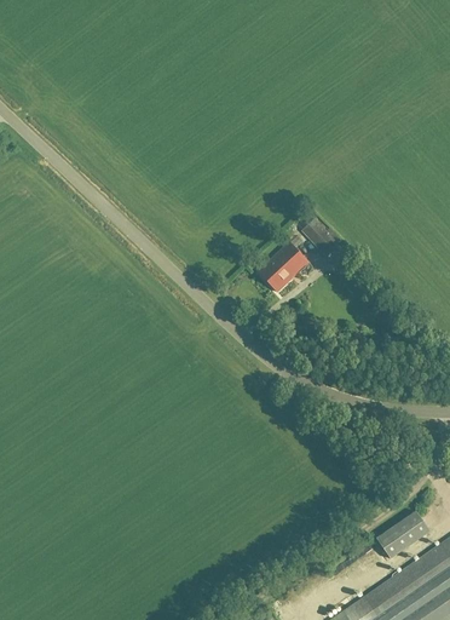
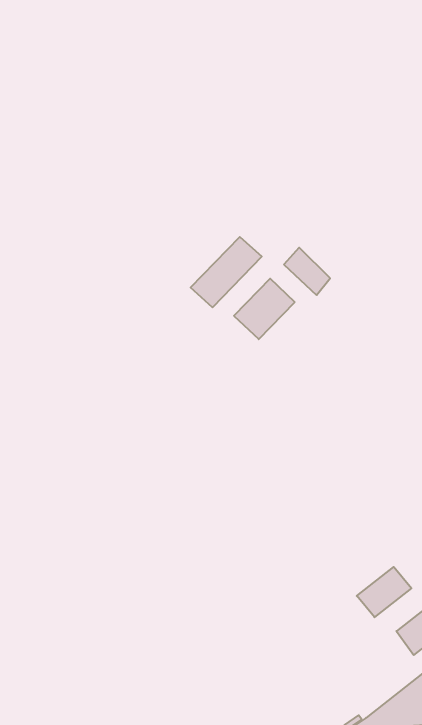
building: none -> [191,237,262,307]
building: none -> [357,567,411,617]

